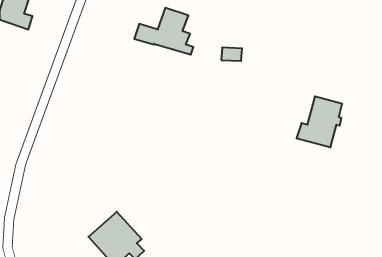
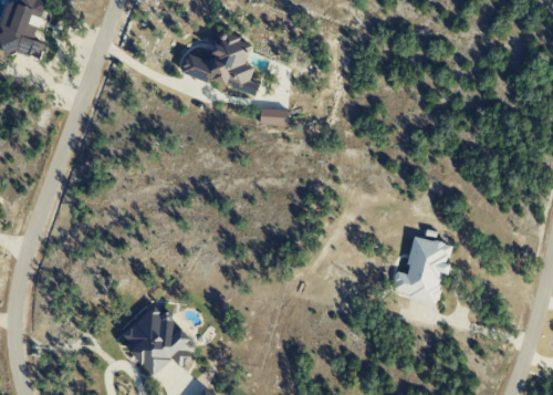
building: [221,48,242,61] -> [259,107,286,125]
building: [296,96,342,147] -> [389,235,450,302]

